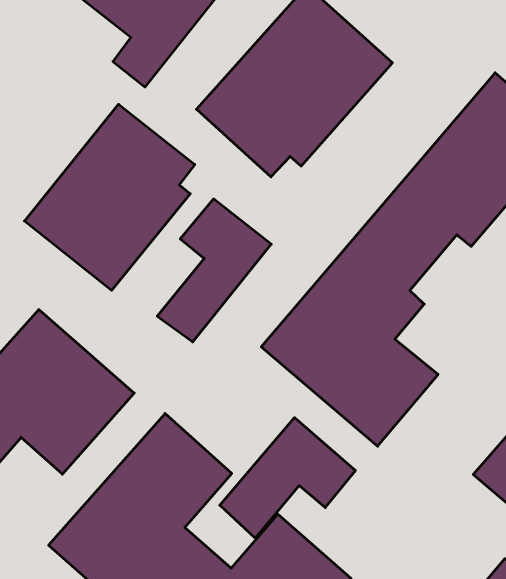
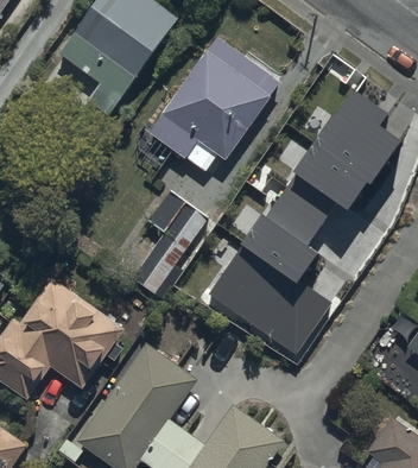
building: [24,104,195,290] -> none
building: [220,418,355,538] -> none

